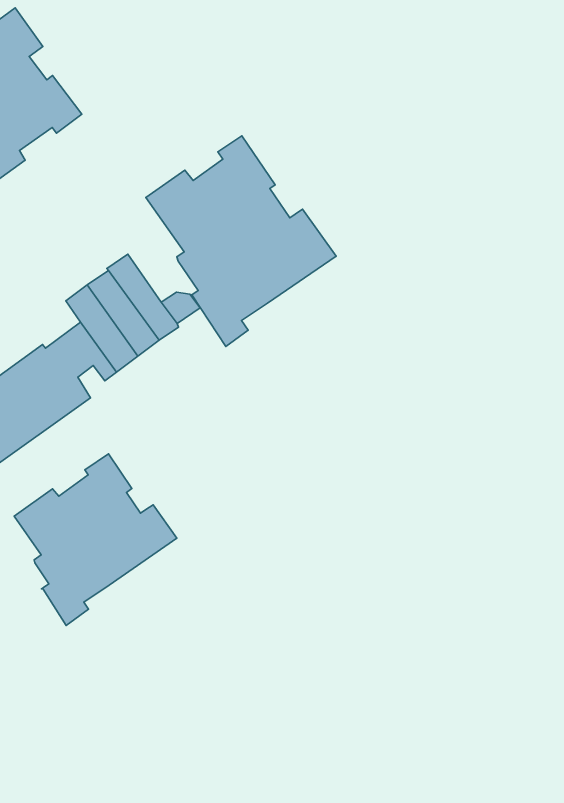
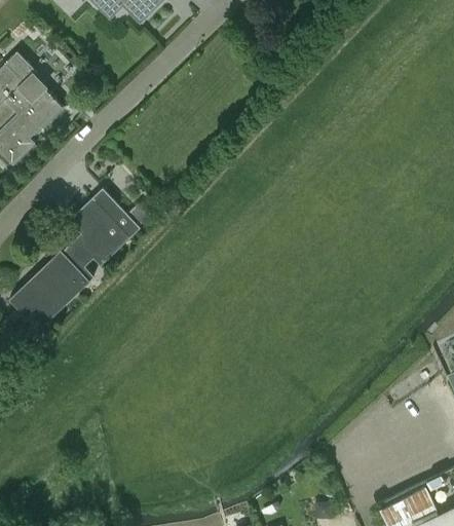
building: [146,136,336,347] -> none
building: [14,454,177,625] -> none

